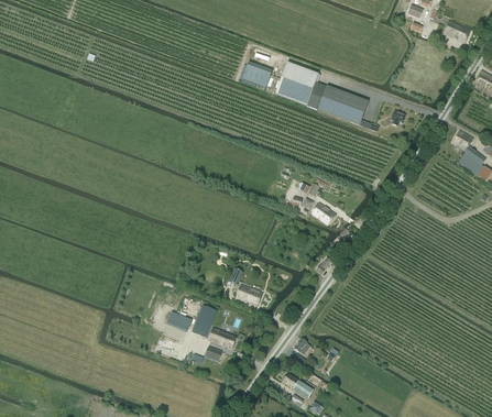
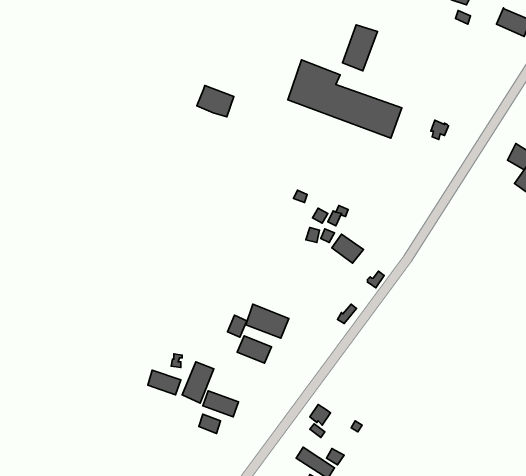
building: none -> [343,25,377,71]
building: [242,63,272,88] -> [197,85,234,117]
building: none -> [246,304,289,338]

